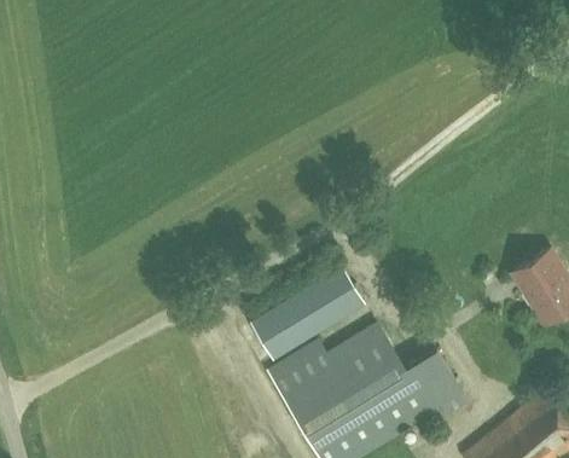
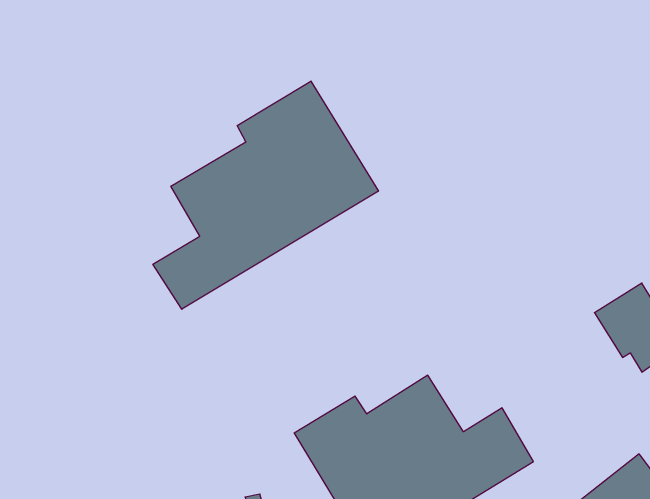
building: none -> [153,81,378,309]
building: [251,269,365,361] -> none

